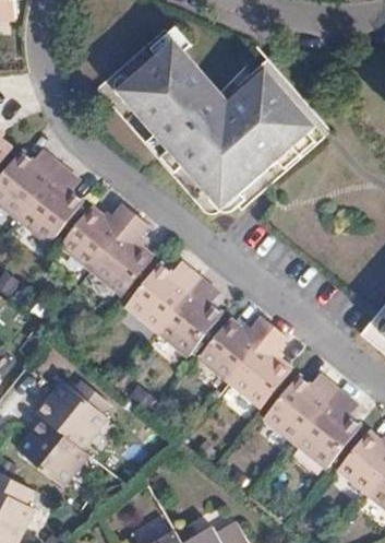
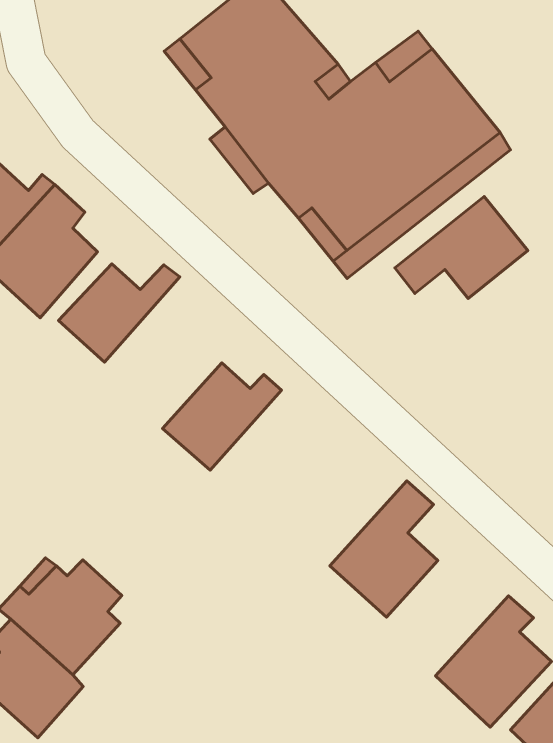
building: none -> [395,196,528,298]
building: [88,215,151,295] -> none
building: [154,279,221,356] -> none
building: [200,320,269,380] -> none
building: [264,378,333,441] -> none

